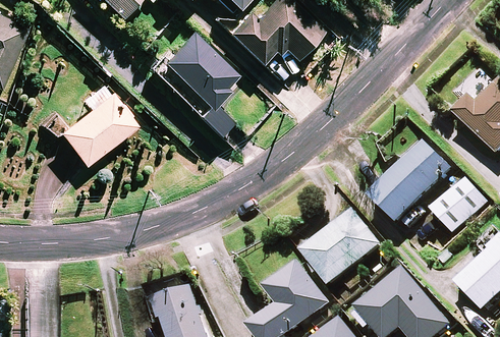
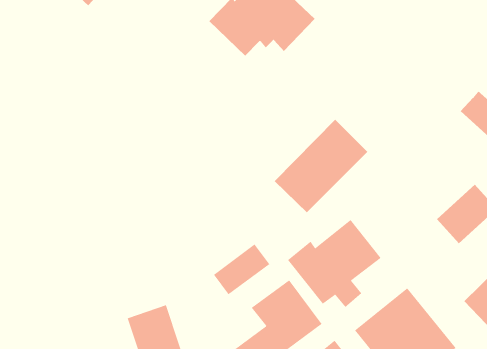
building: [151,30,236,133] -> none
building: [58,94,131,163] -> none
building: [367,137,451,222] -> [274,119,368,213]
building: none -> [213,244,270,295]

